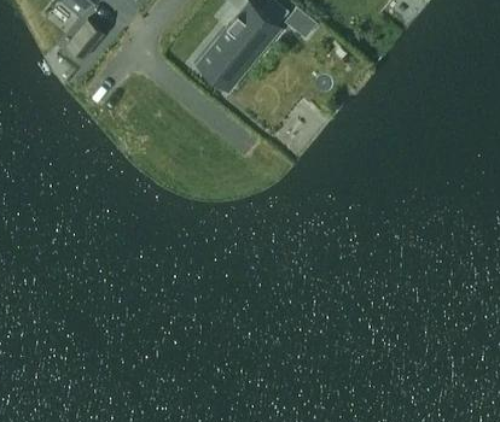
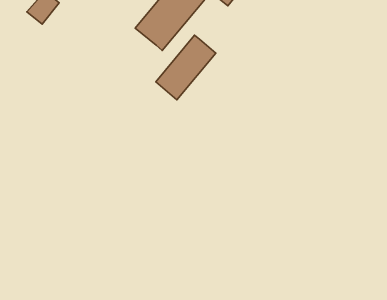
building: none -> [156,35,216,100]

